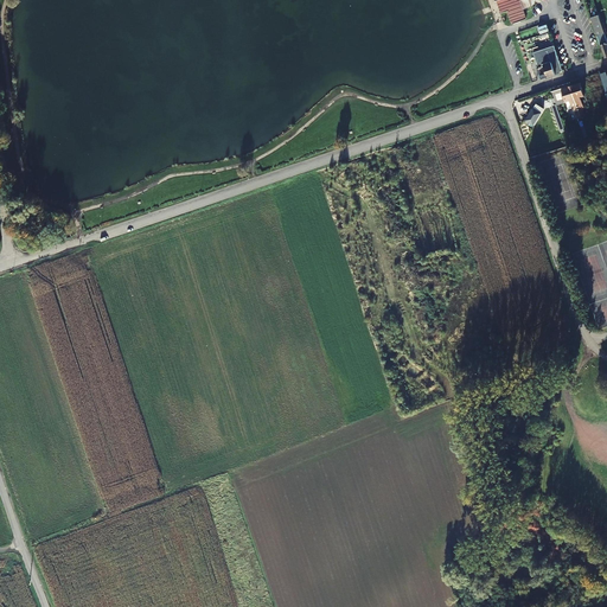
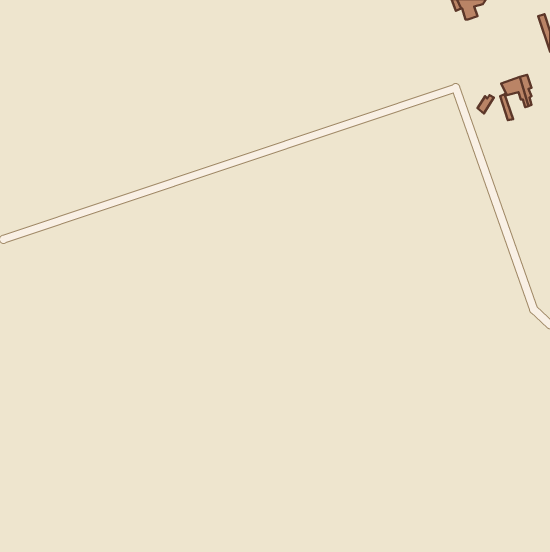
building: [536,43,561,77] -> none

